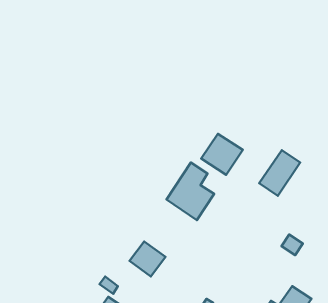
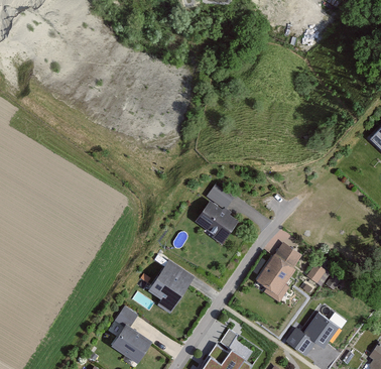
building: [201,134,243,175] -> none
building: [259,150,300,196] -> [260,248,302,295]

